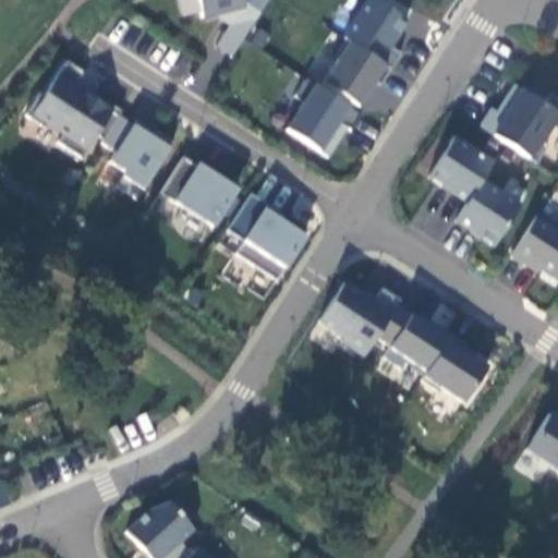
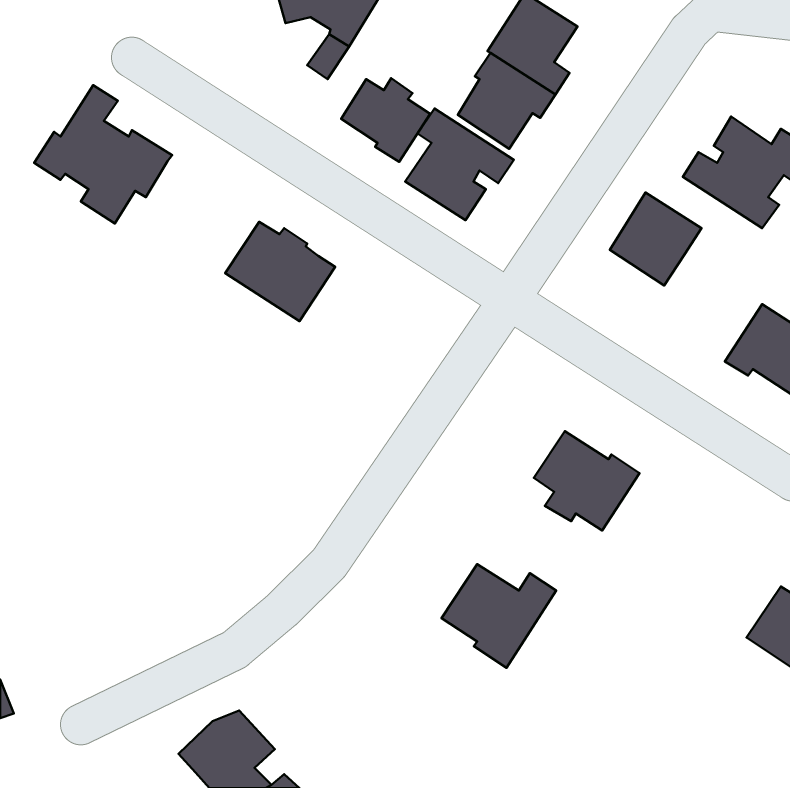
building: none -> [341,78,430,162]
building: [102,113,175,189] -> none
building: [457,179,522,244] -> none
building: [228,192,306,278] -> none
building: [320,281,401,354] -> [441,564,556,668]
building: [422,332,489,401] -> none

